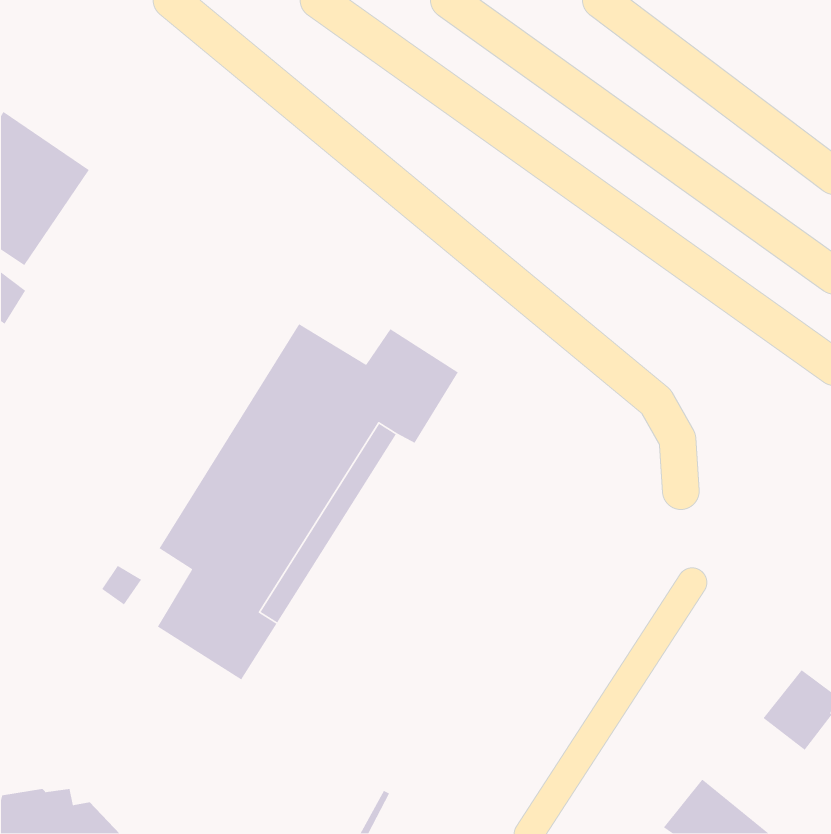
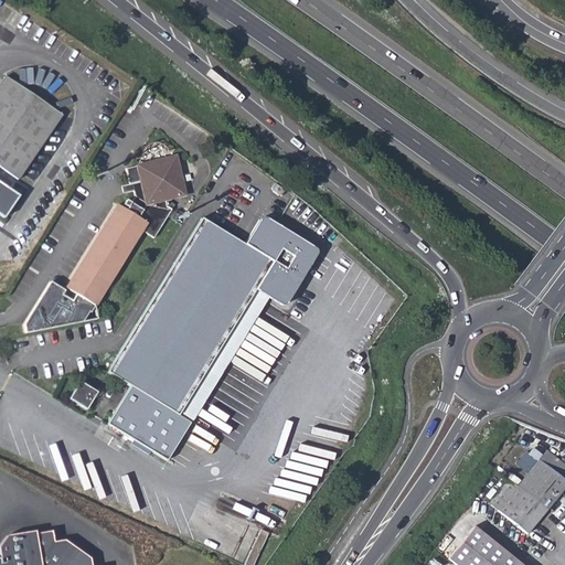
building: none -> [25,147,190,333]
building: none -> [497,486,546,536]

